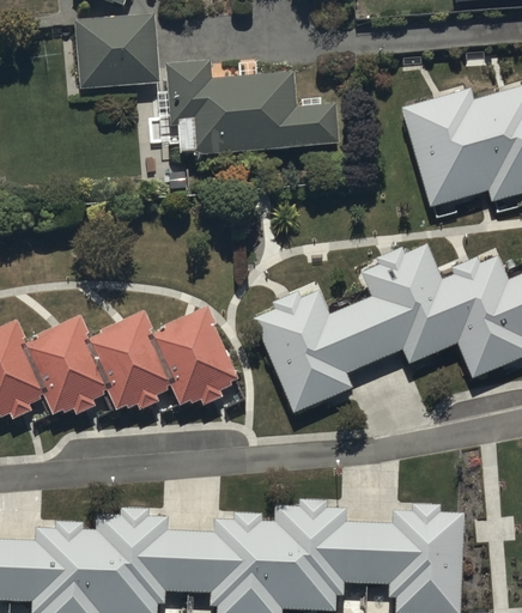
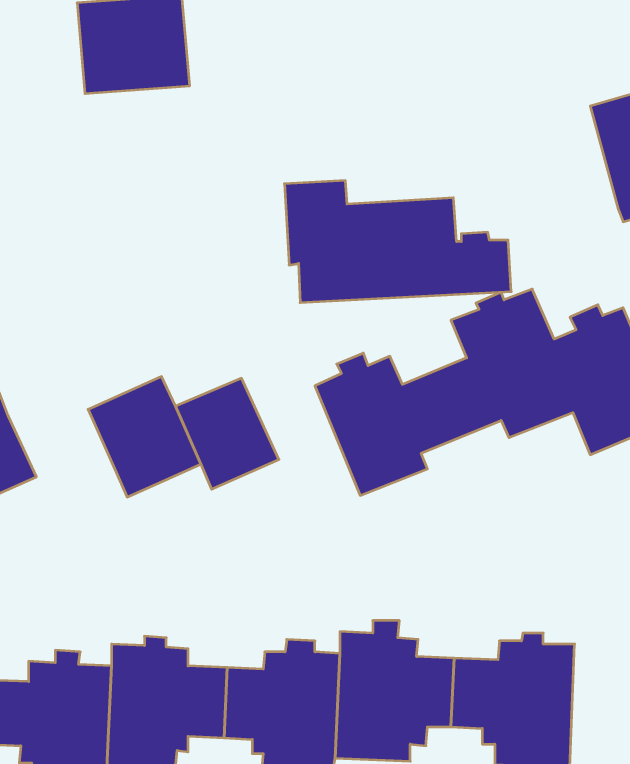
building: [168,67,341,160] -> [284,181,511,303]
building: [406,96,490,201] -> none
building: [23,320,105,408] -> none

